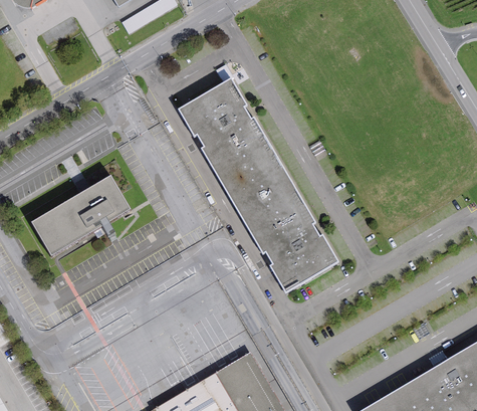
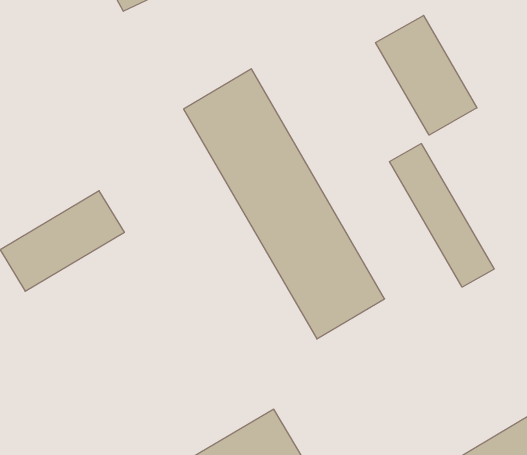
building: none -> [376,15,477,135]
building: none -> [389,144,494,287]

